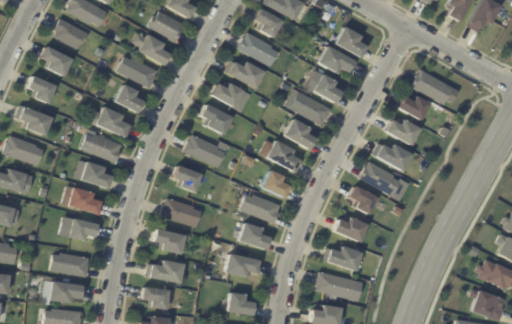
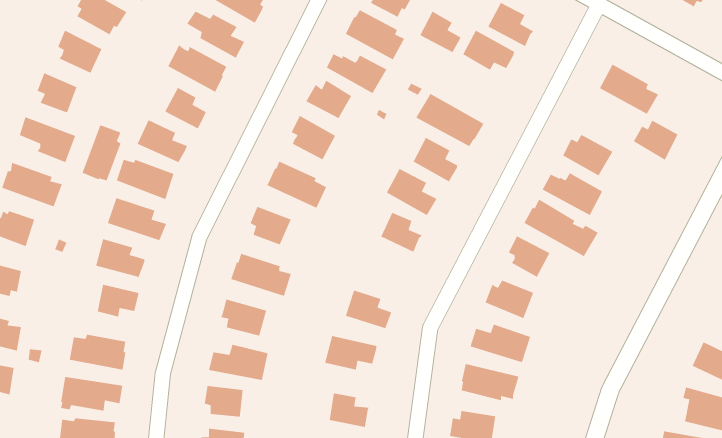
building: [313,73,342,102] -> [419,11,462,53]
building: [399,92,430,120] -> [633,120,678,161]
building: none -> [82,124,122,182]
building: [239,193,281,223] -> none

